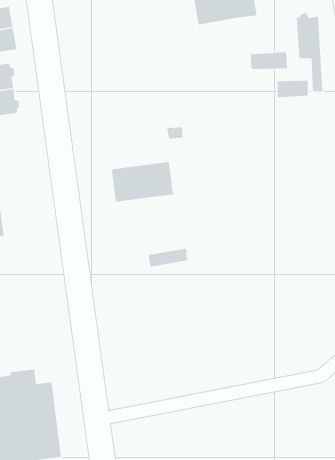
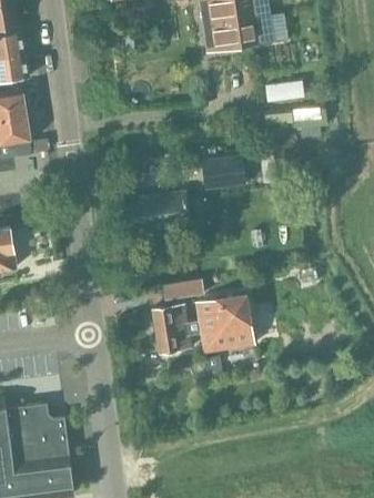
building: [296,12,323,92] -> none
building: none -> [201,155,245,189]
building: none -> [152,293,254,353]

